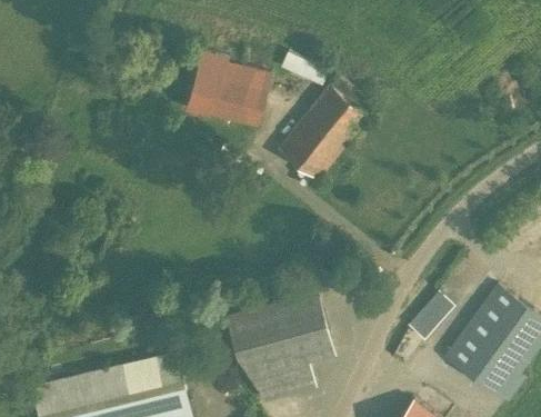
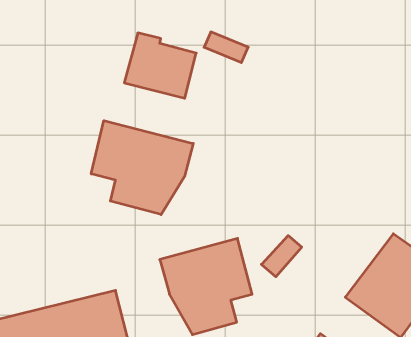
building: [275,86,368,182] -> none
building: none -> [91,121,193,215]
building: [405,294,452,341] -> [261,236,302,277]

